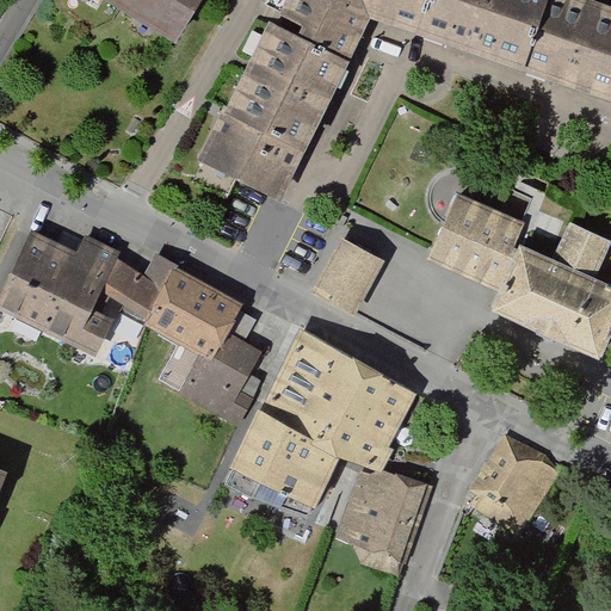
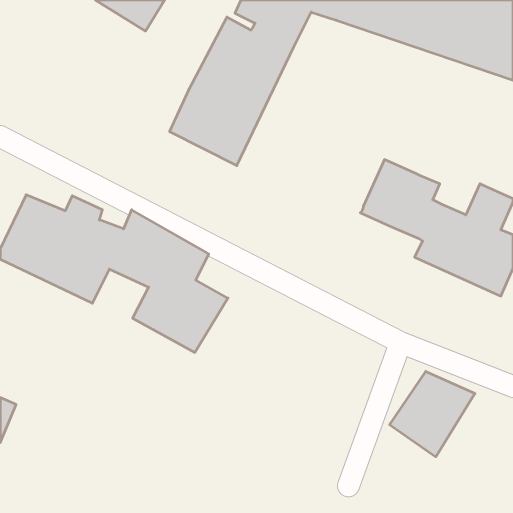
building: [310,235,383,313] -> none
building: [235,337,432,582] -> none

